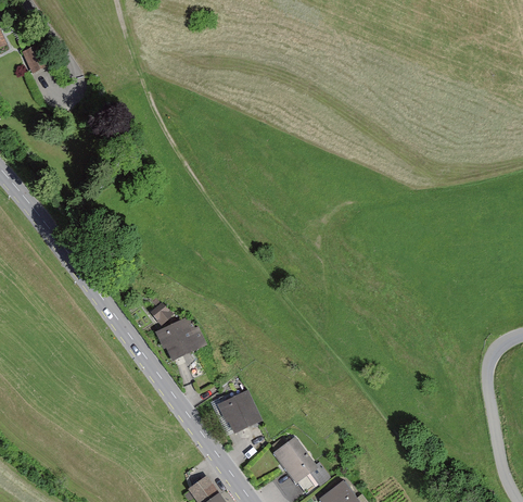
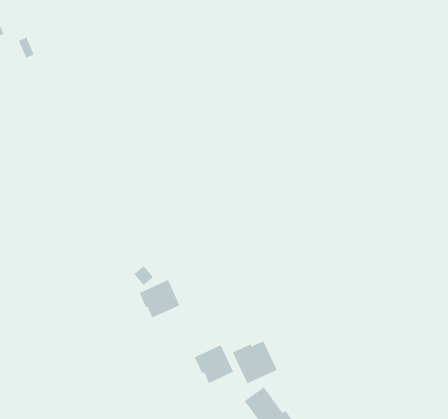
building: none -> [232,340,277,384]

